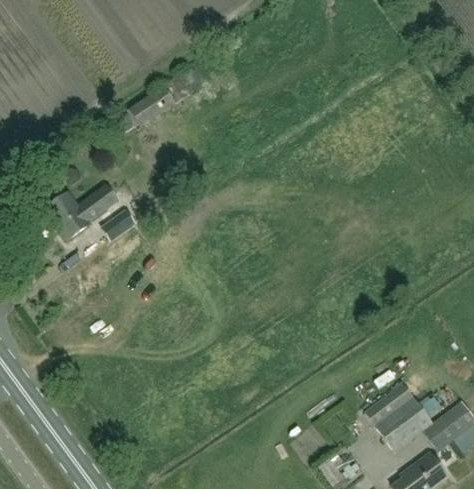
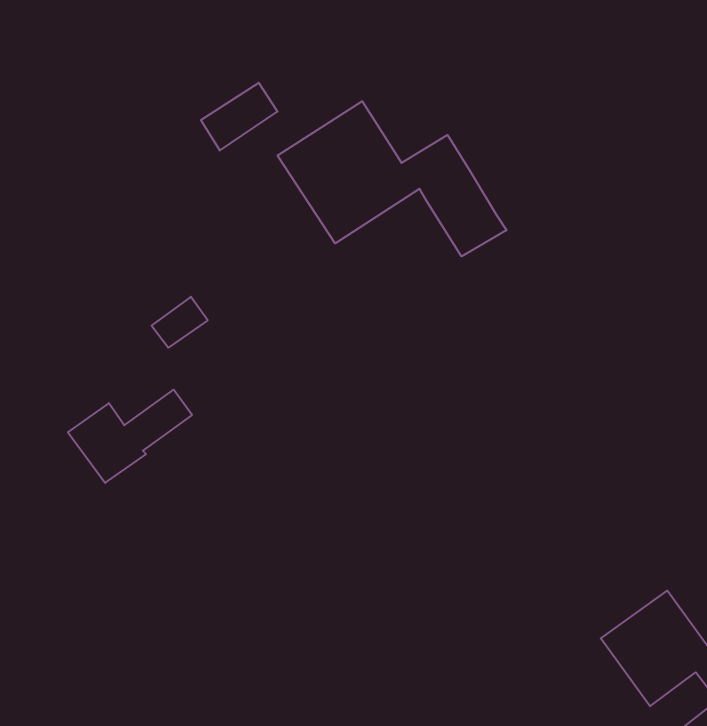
building: none -> [278,101,507,256]
building: [44,185,117,240] -> [68,390,192,483]

